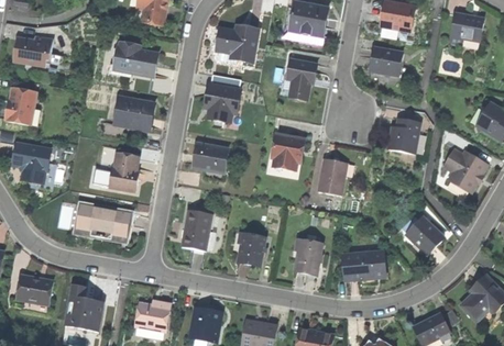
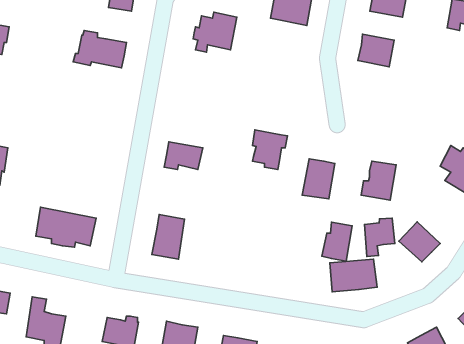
building: [286,58,317,99] -> none
building: [204,82,240,121] -> none
building: [116,96,155,130] -> none
building: [388,118,420,153] -> [361,161,396,200]
building: [108,152,139,190] -> none
building: none -> [365,218,395,257]
building: [238,233,265,265] -> none
building: [295,238,322,274] -> [322,222,352,261]

